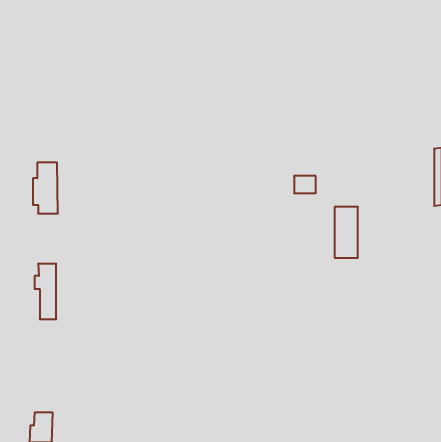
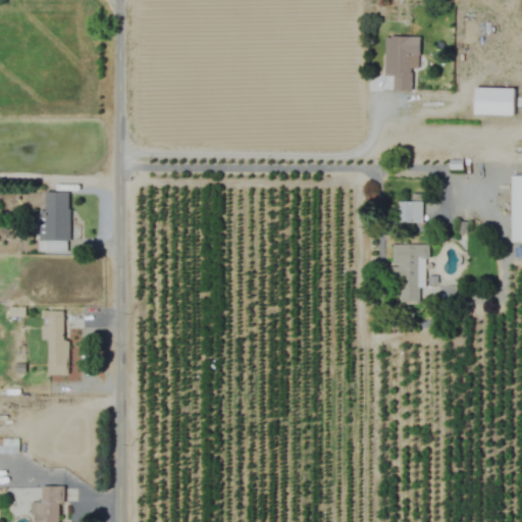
building: none -> [385,37,420,91]
building: none -> [475,88,515,114]
building: [294,176,316,193] -> [398,202,423,222]

